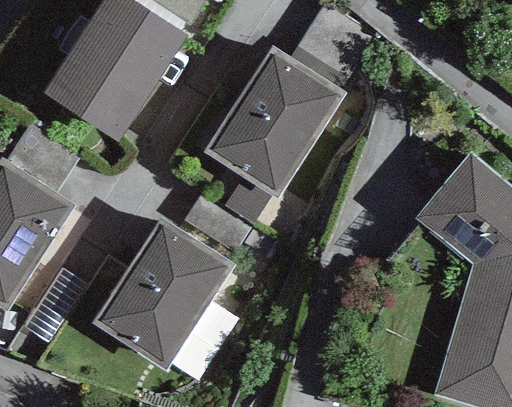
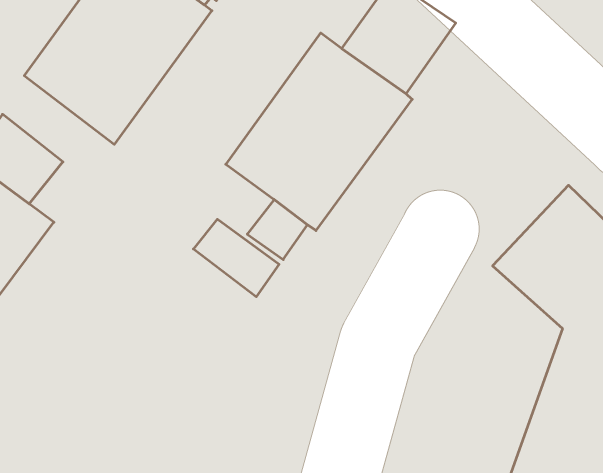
building: [92,220,234,372] -> none

